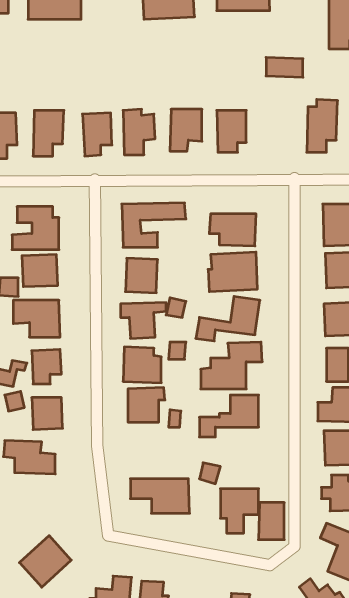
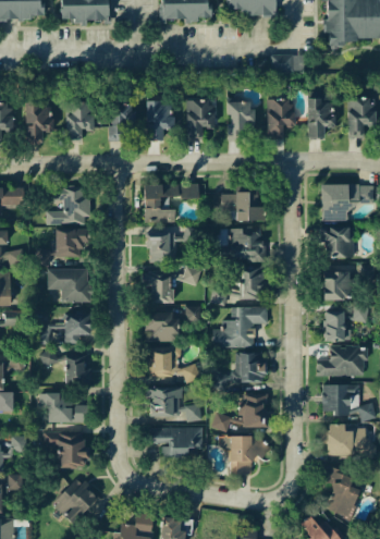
building: none -> [267,98,294,138]
building: none -> [149,387,201,420]
building: none -> [44,432,89,468]
building: [258,503,284,540] -> [244,394,267,427]

